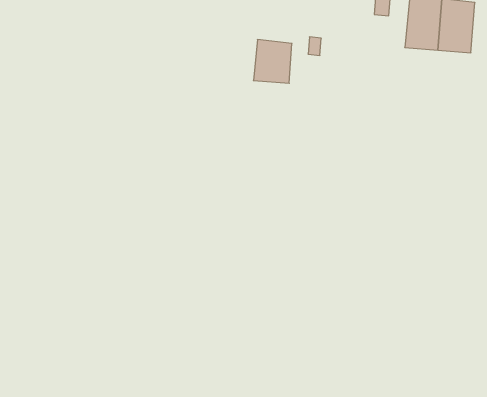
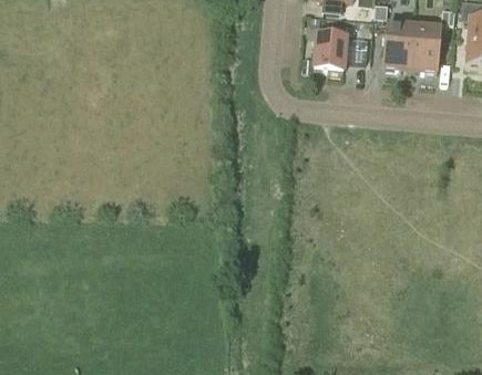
building: [253,40,292,83] -> [314,32,346,69]

